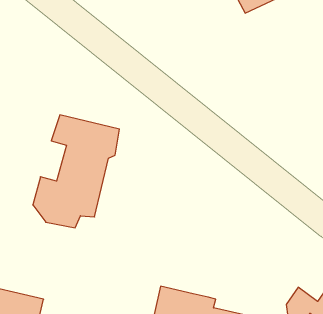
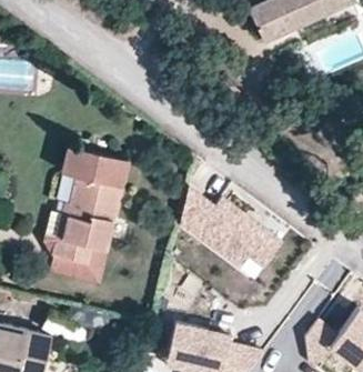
building: none -> [178,190,281,269]
building: none -> [52,249,107,284]

